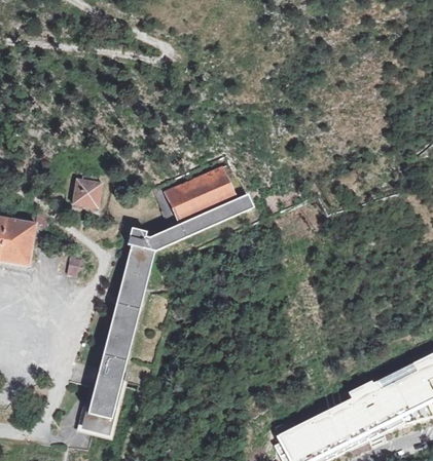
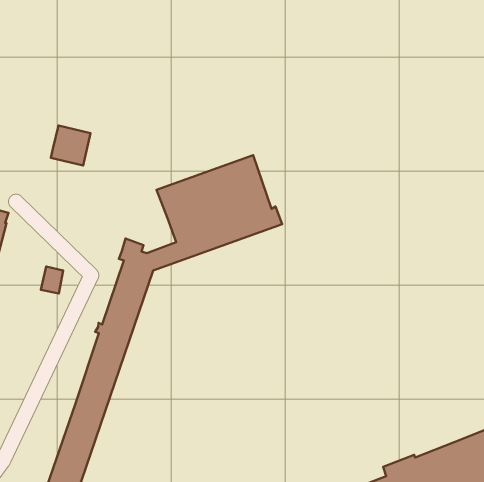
building: [72,180,102,209] -> [51,126,91,165]

